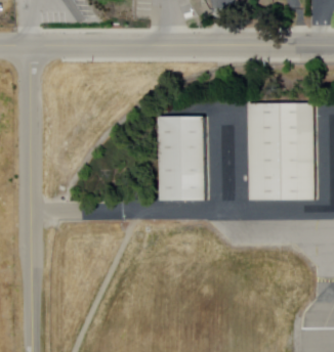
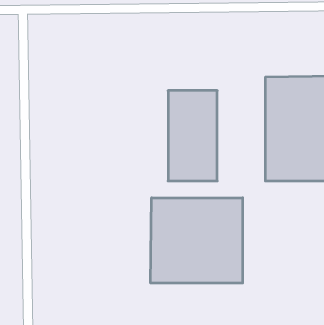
building: none -> [151,198,243,283]

